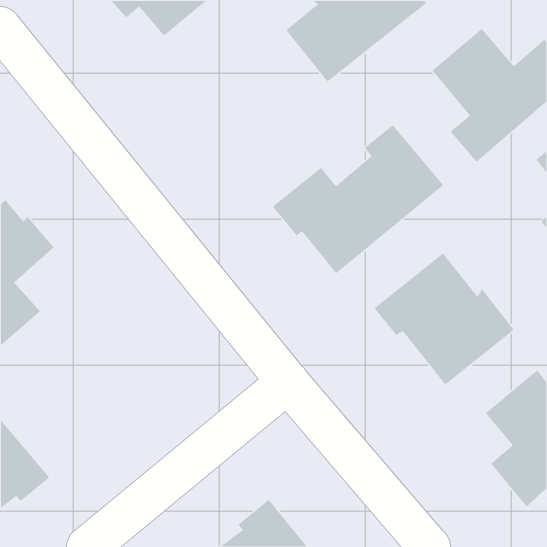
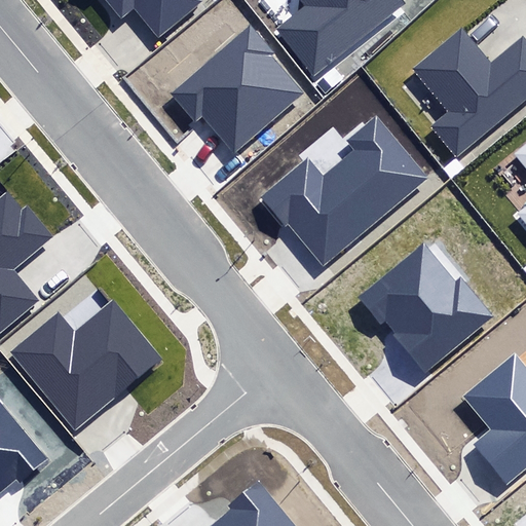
building: none -> [170,24,304,155]
building: none -> [10,301,161,429]

